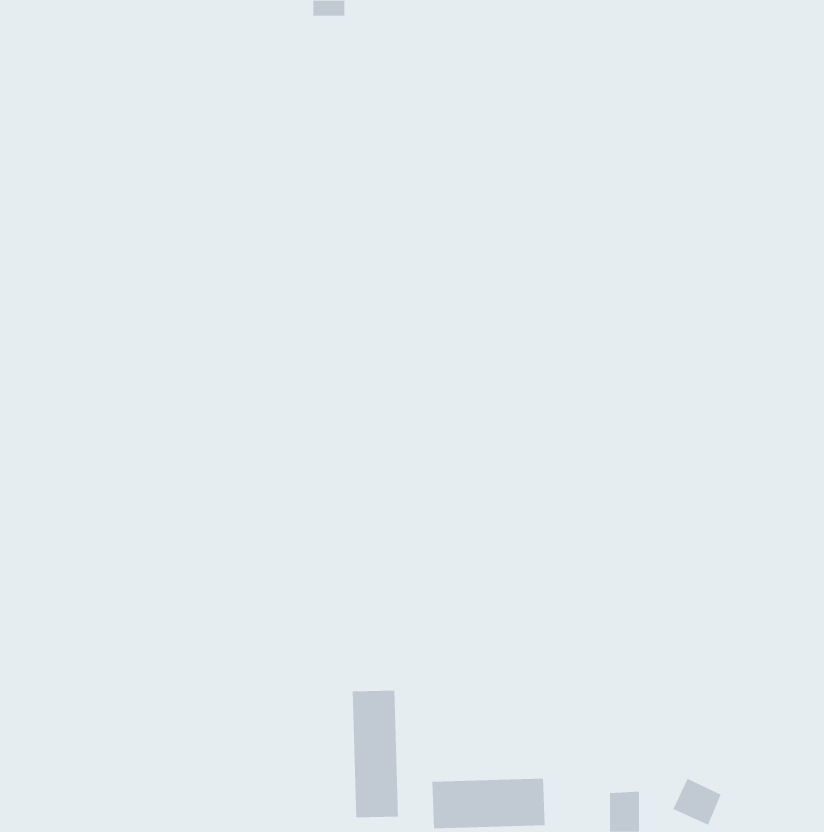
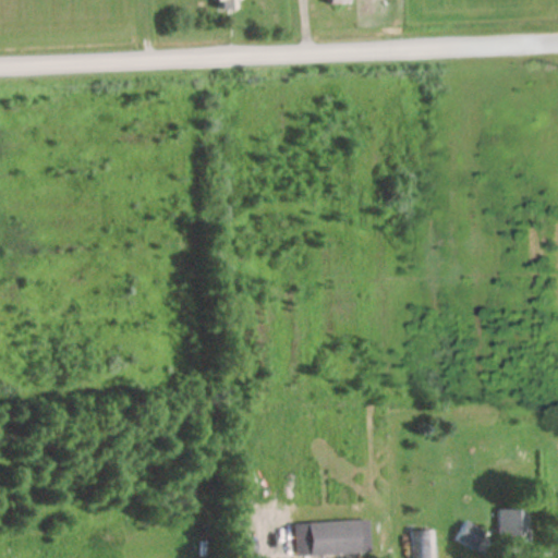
building: [352,690,398,818] -> none
building: none -> [498,509,527,545]

